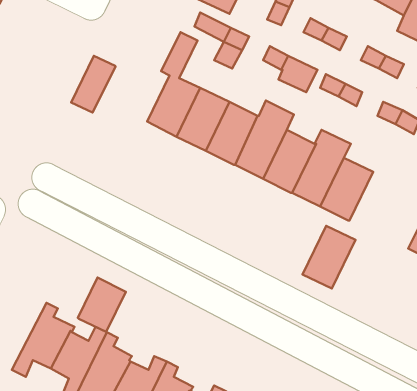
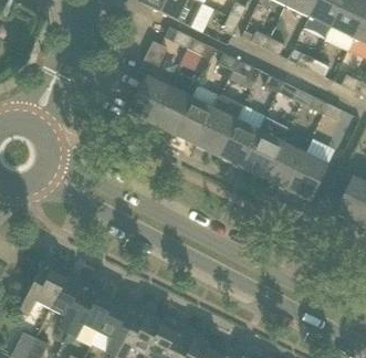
building: [71,56,116,112] -> none
building: [303,226,356,289] -> [287,151,330,201]
building: [78,278,126,332] -> none

